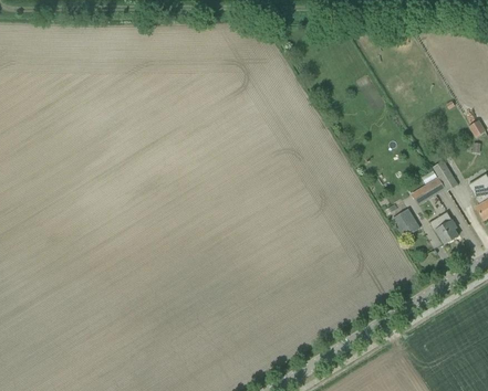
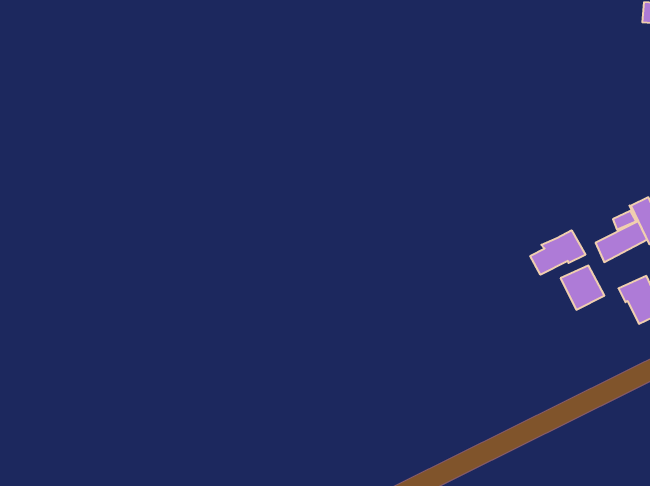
building: none -> [530,230,585,275]

